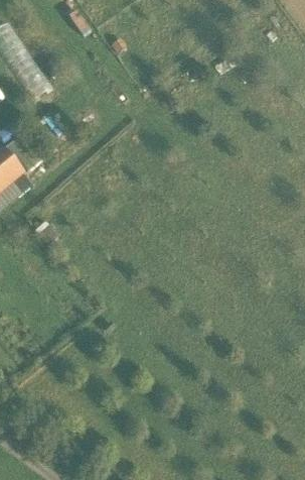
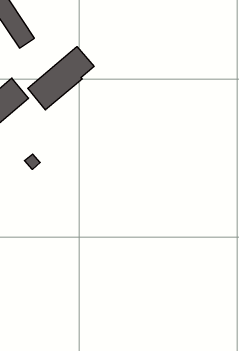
building: none -> [28,47,94,110]

